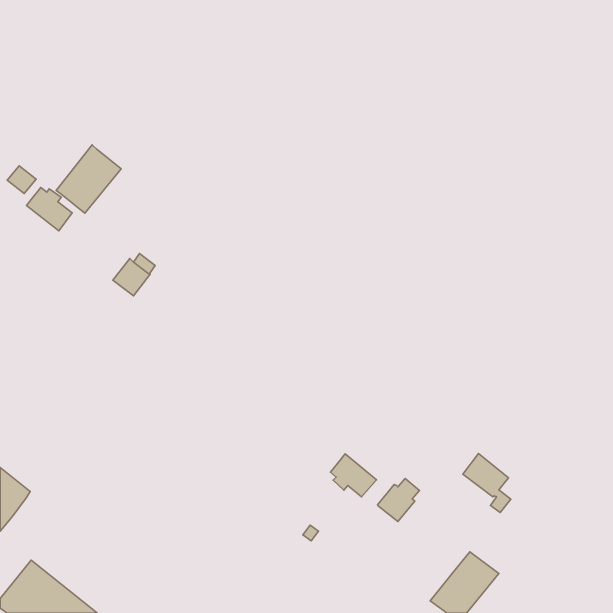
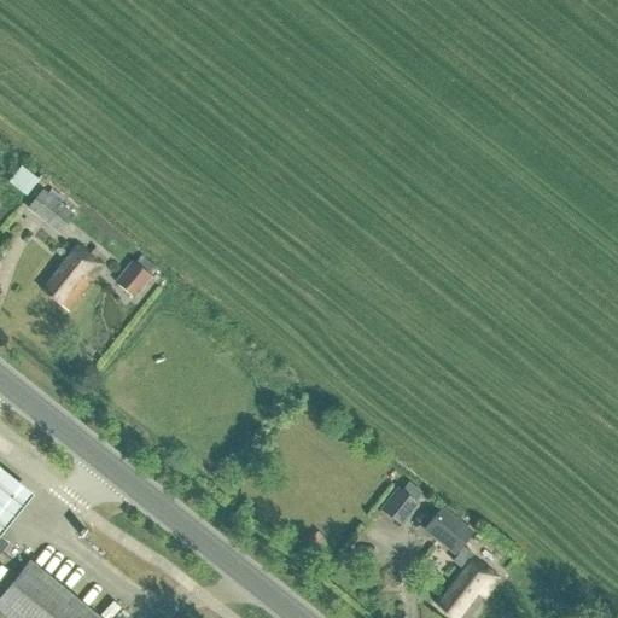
building: [56,145,121,213] -> [40,243,105,311]
building: [463,454,511,513] -> [425,508,473,567]
building: [330,454,376,497] -> none

